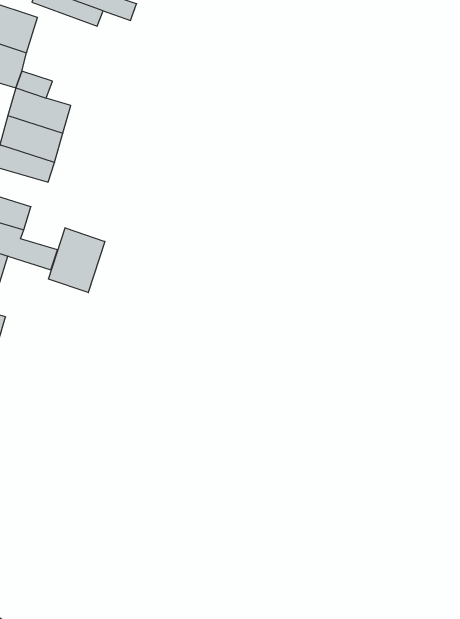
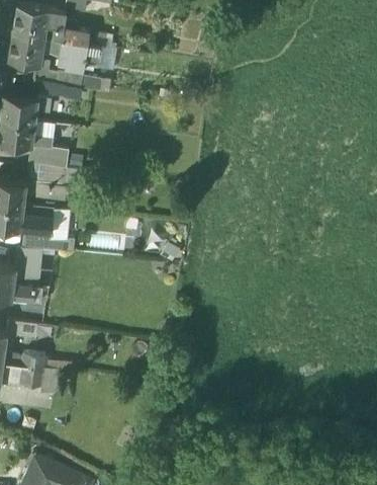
building: [49,228,105,293] -> none

